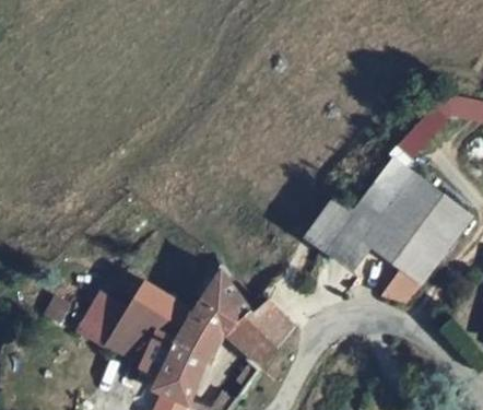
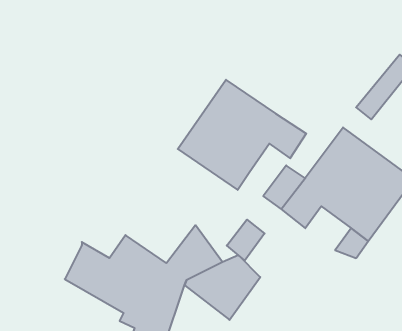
building: none -> [178,80,306,190]
building: none -> [227,220,265,260]

